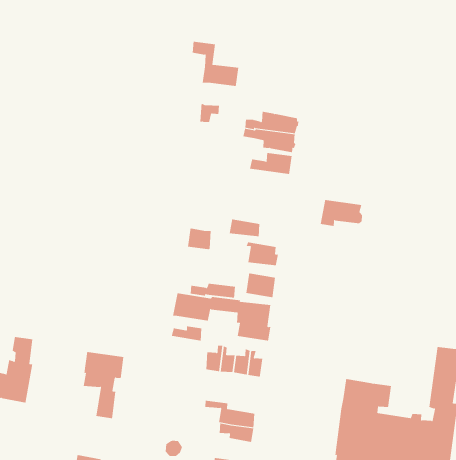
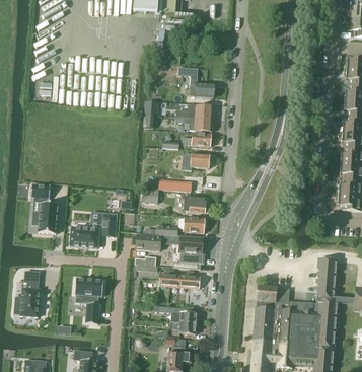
building: [192,41,239,86] -> [180,67,214,96]
building: [320,200,363,227] -> [180,152,210,170]
building: none -> [31,184,57,233]
building: none -> [70,212,117,247]

